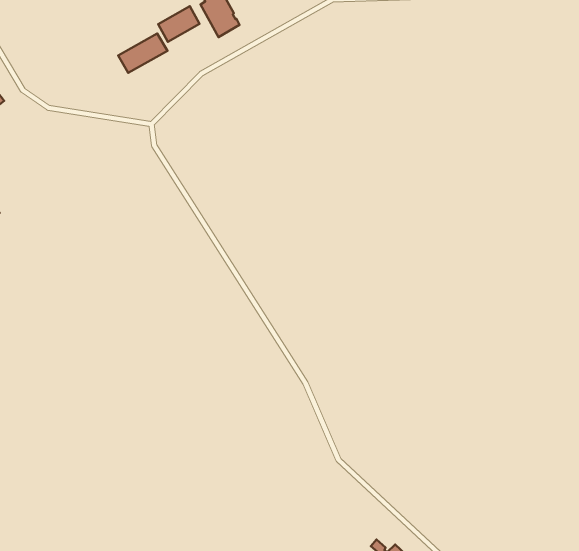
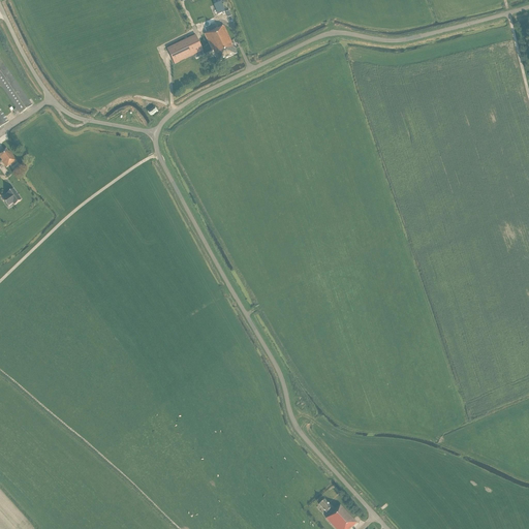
building: [118,33,167,73] -> none

